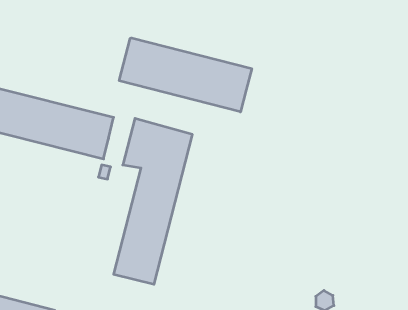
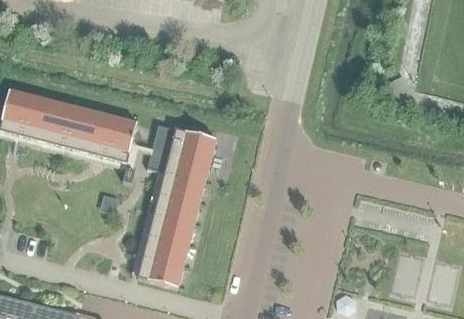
building: [119,38,252,112] -> none

